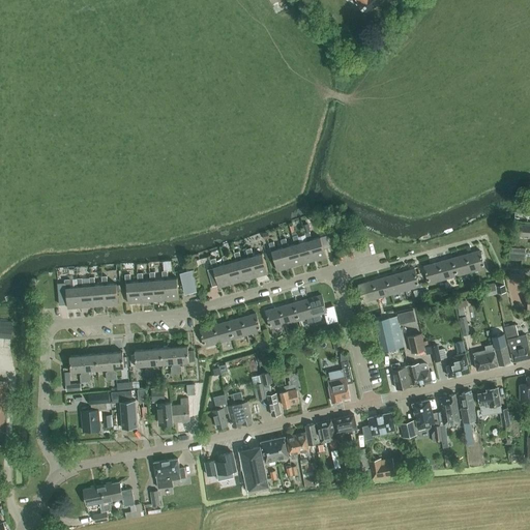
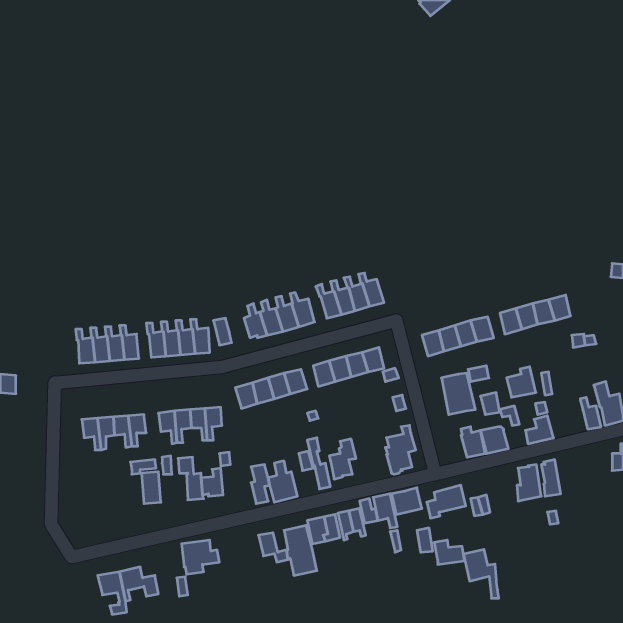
building: [473,344,498,370] -> [507,367,536,397]
building: [478,388,509,425] -> none
building: [82,392,110,431] -> none
building: [412,400,442,441] -> [463,549,499,598]

